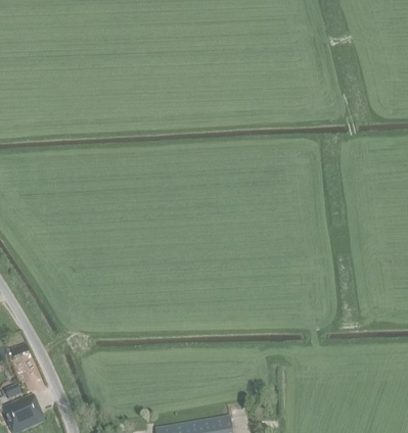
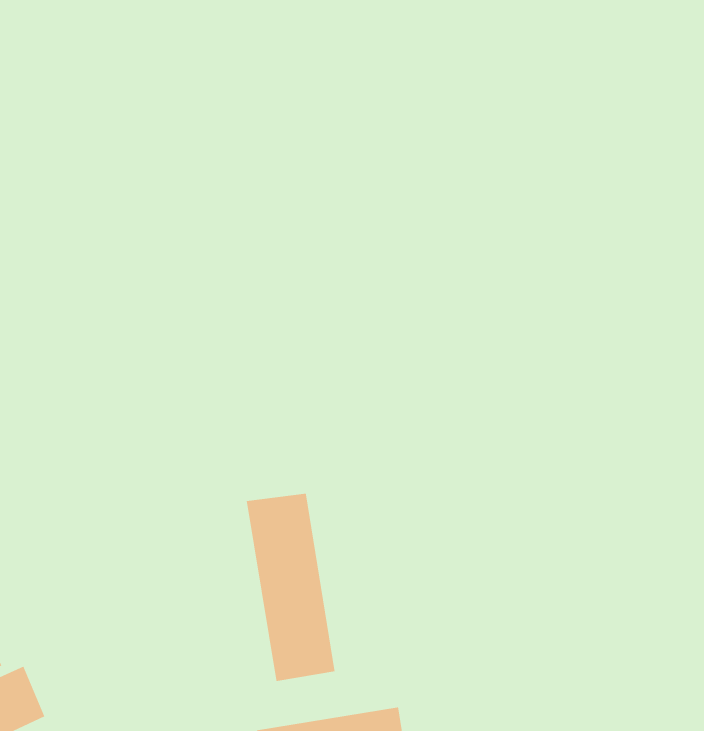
building: none -> [246,493,335,682]

